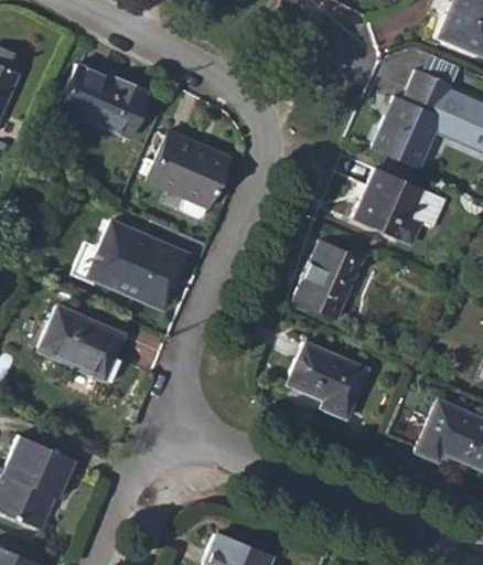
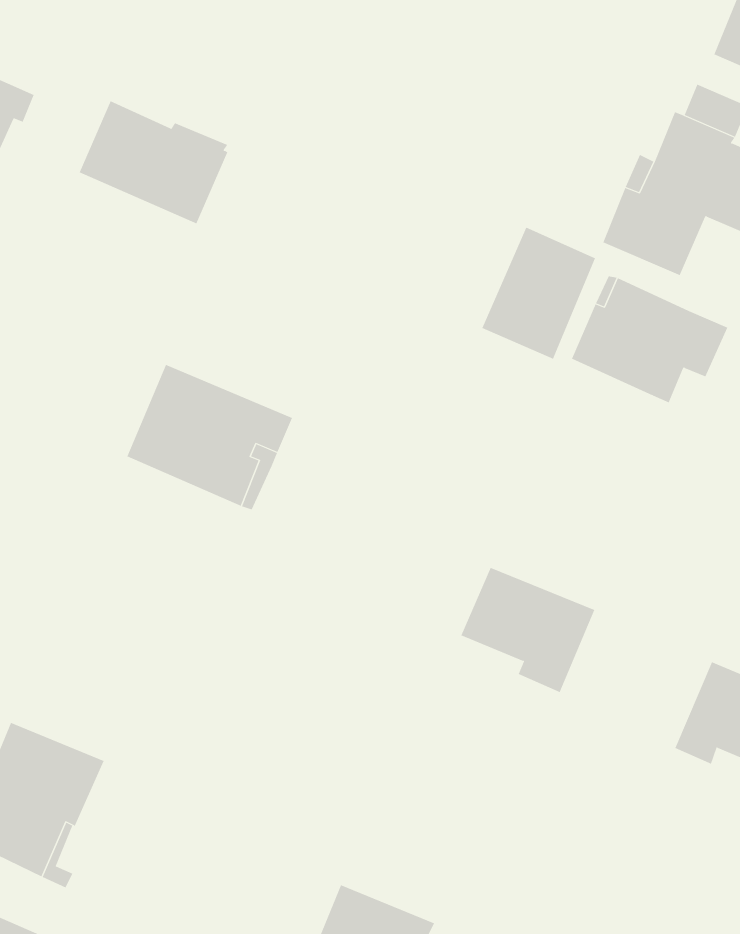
building: [147,130,228,217] -> none
building: [293,241,362,320] -> [481,227,596,360]
building: [37,307,121,377] -> none

